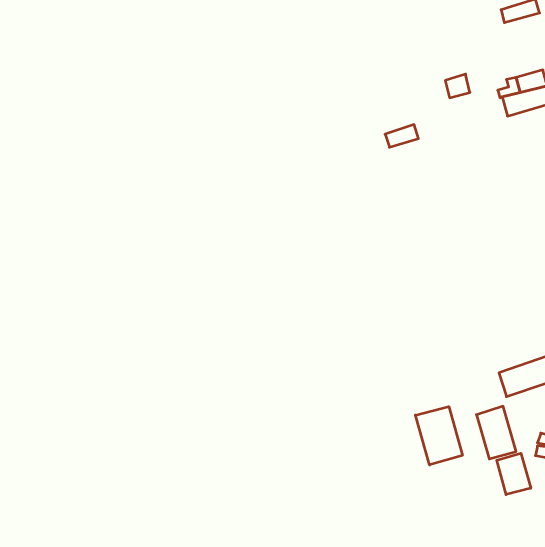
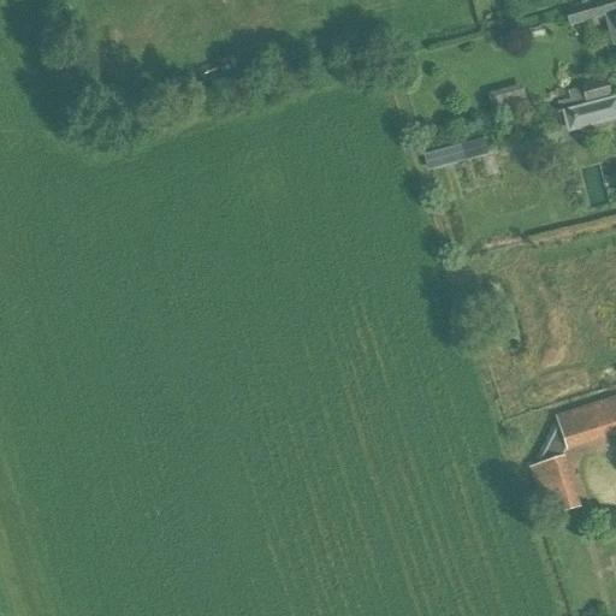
building: [415,407,462,465] -> none
building: [497,453,531,495] -> none

